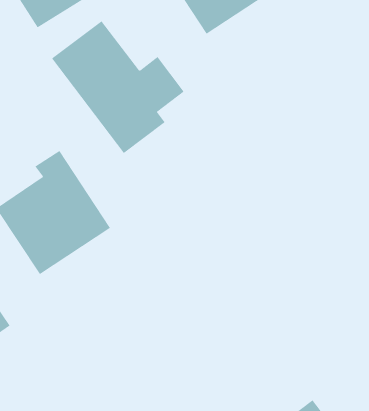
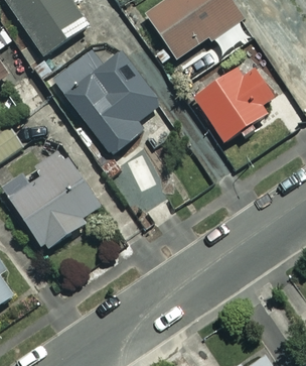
building: none -> [193,58,272,140]

